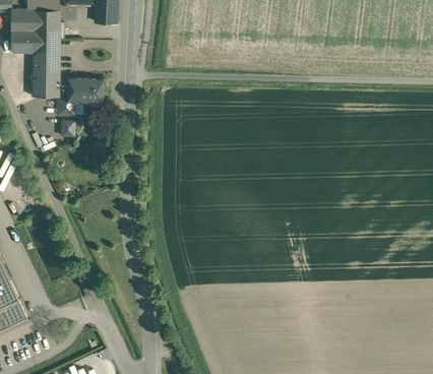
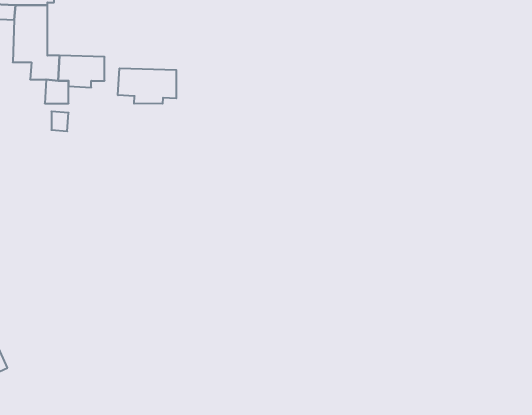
building: none -> [118,68,176,104]

